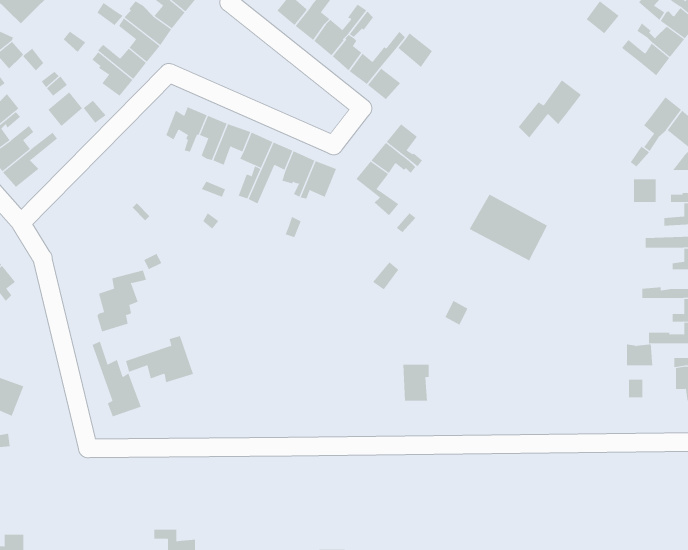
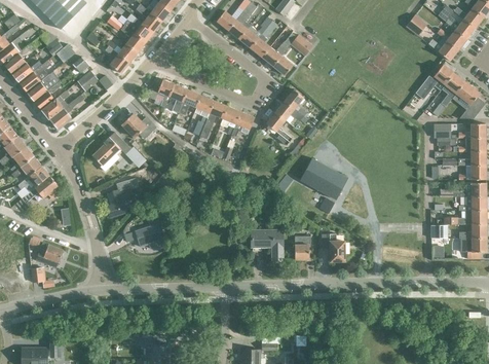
building: [518,80,582,138] -> [415,64,454,100]
building: none -> [122,114,155,139]
building: [469,194,548,261] -> [299,158,347,199]
building: none -> [92,133,130,172]
building: [92,341,142,417] -> none
building: none -> [252,230,281,259]
building: none -> [321,233,344,261]

